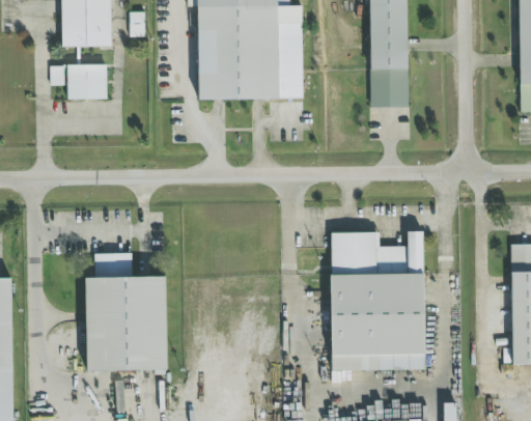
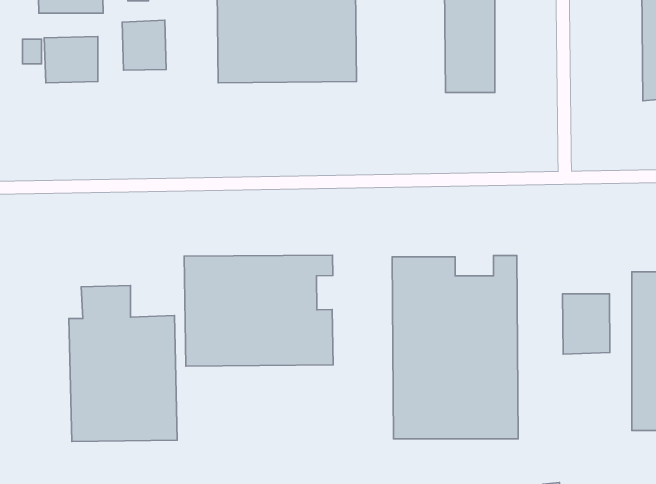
building: none -> [122,20,166,70]
building: none -> [184,255,333,366]
building: none -> [563,294,610,354]

